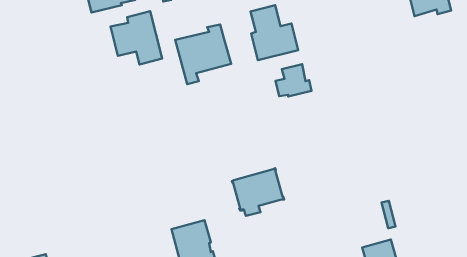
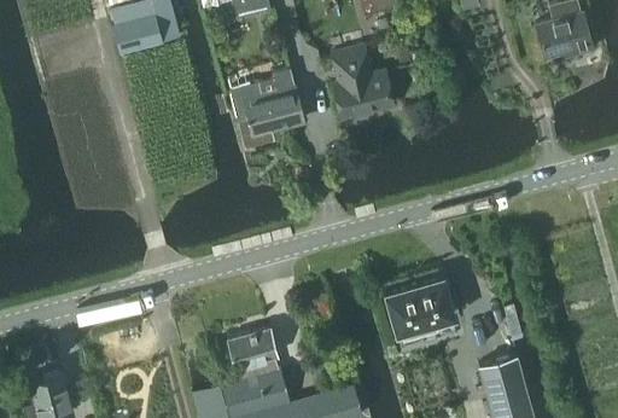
building: [111,11,162,64] -> none
building: [276,64,311,96] -> none
building: [232,168,284,216] -> [385,277,454,339]

